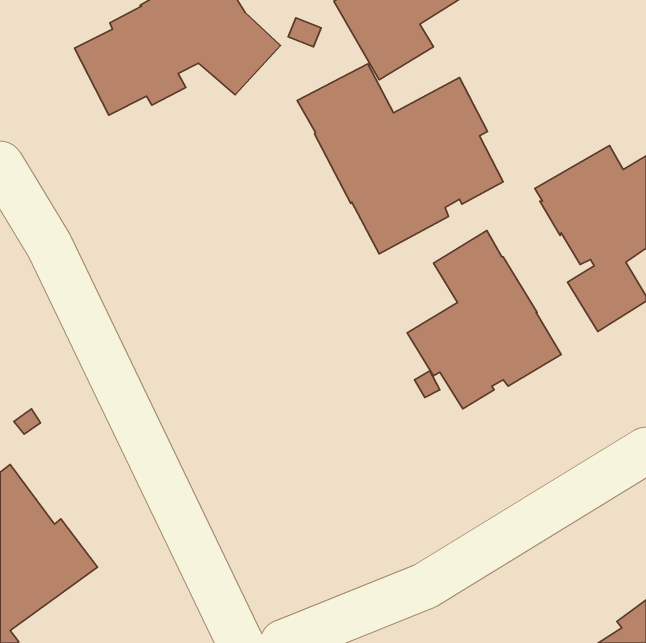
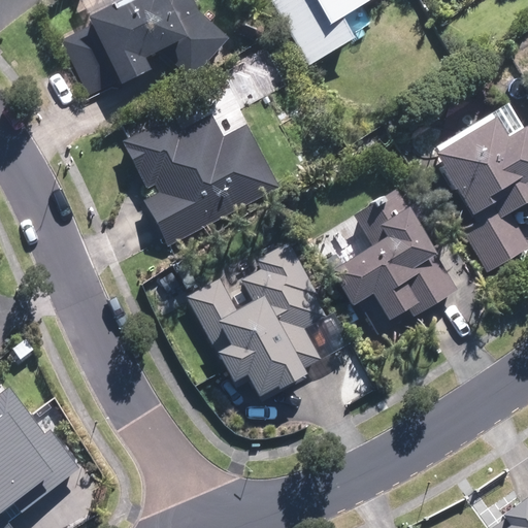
building: [297,64,503,254] -> none
building: none -> [123,112,280,244]
building: none -> [187,241,327,398]

